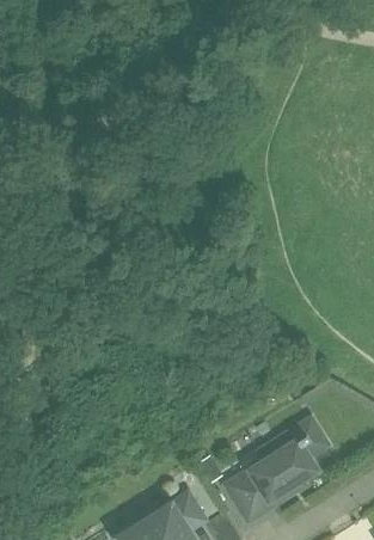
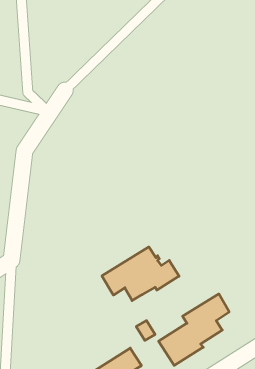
building: none -> [102,247,179,301]

